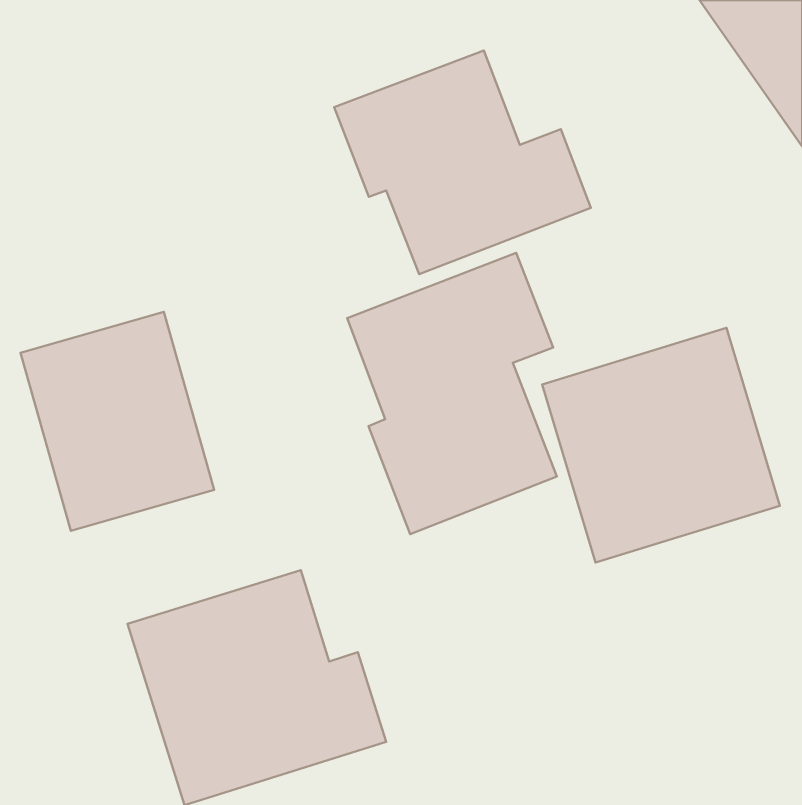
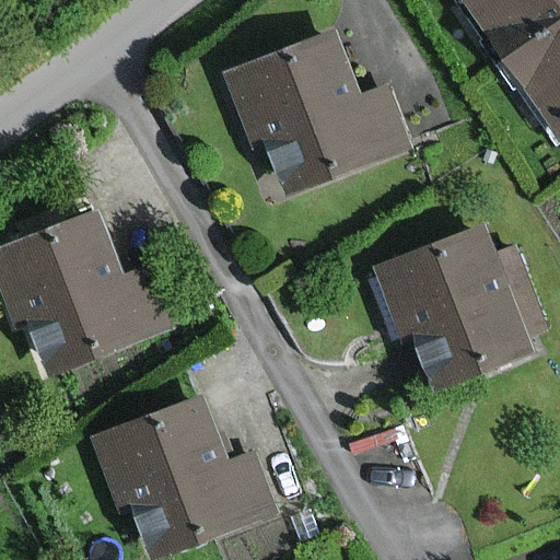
building: [347,253,557,534] -> none

